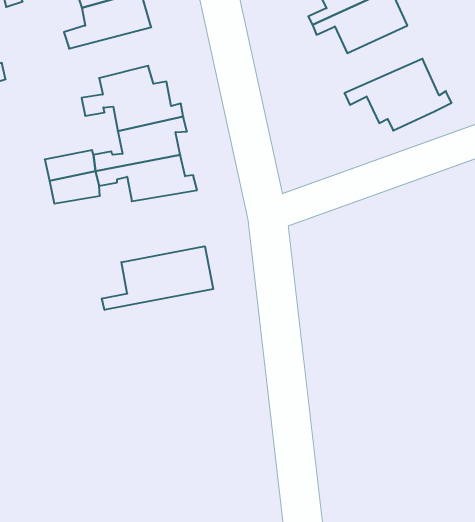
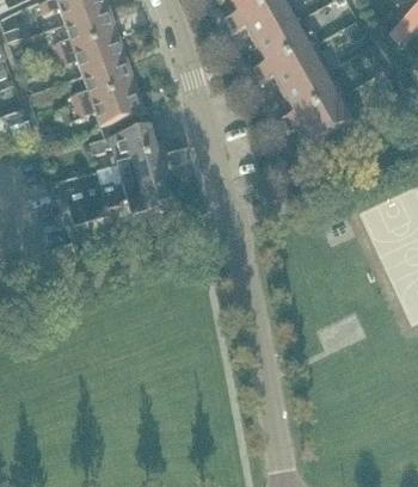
building: none -> [278,69,338,123]
building: none -> [75,85,143,125]
building: [102,246,213,310] -> none

